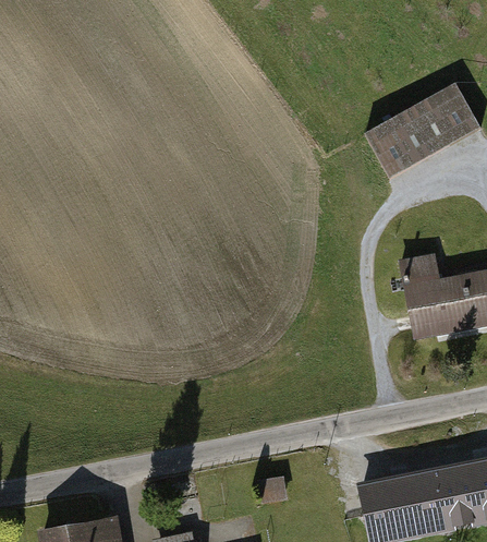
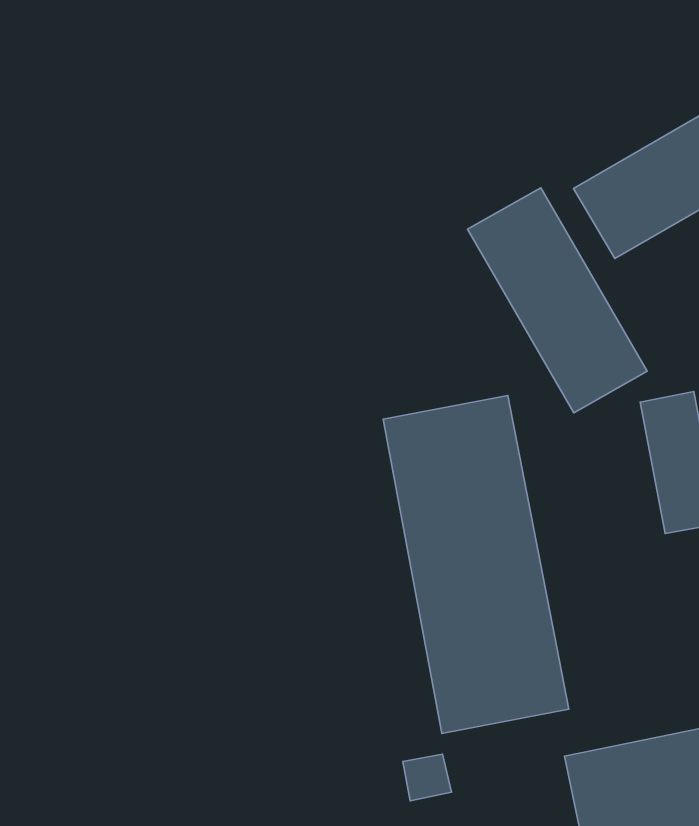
building: none -> [467,188,647,413]
building: none -> [383,396,569,733]

